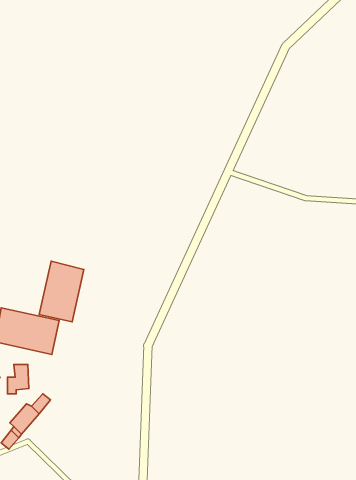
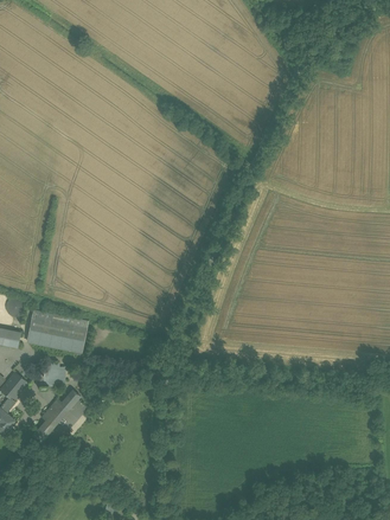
building: [39,261,84,322] -> none

